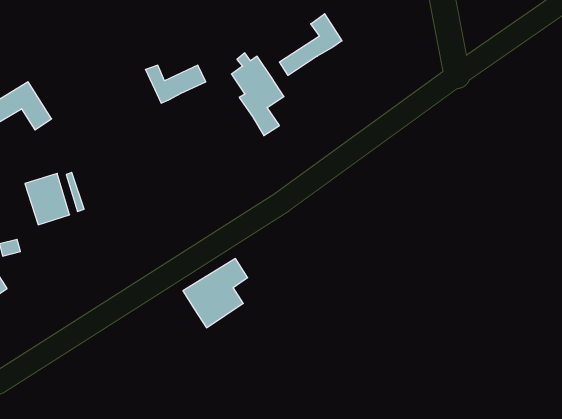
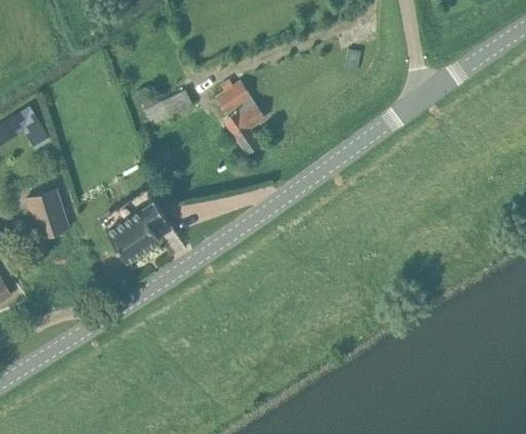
building: [279,14,342,75] -> none
building: [183,259,248,328] -> [105,198,164,262]

